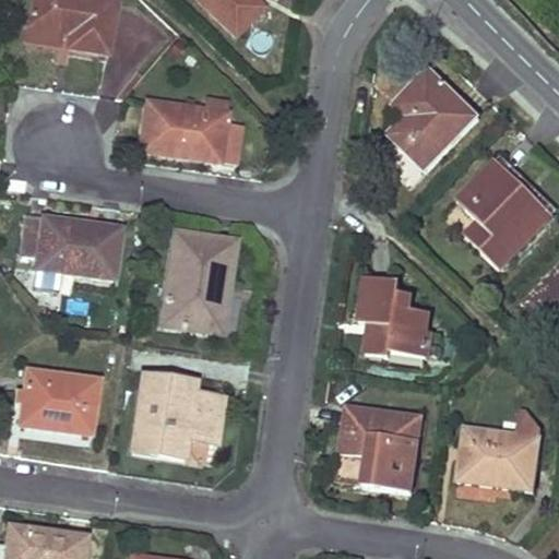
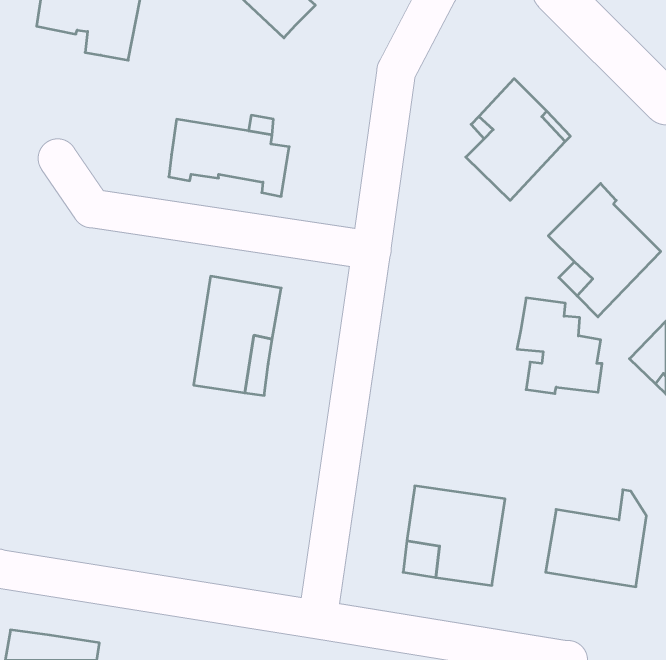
building: [22,212,120,275] -> none
building: [359,276,430,356] -> [517,298,602,394]
building: [14,368,96,431] -> none
building: [132,373,222,456] -> none

